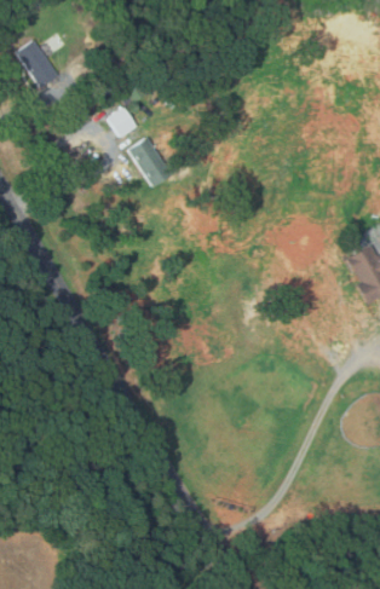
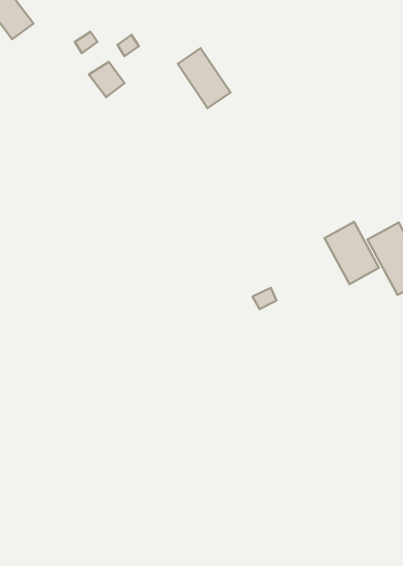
building: [127,137,172,187] -> [178,48,230,108]
building: none -> [325,222,379,284]

